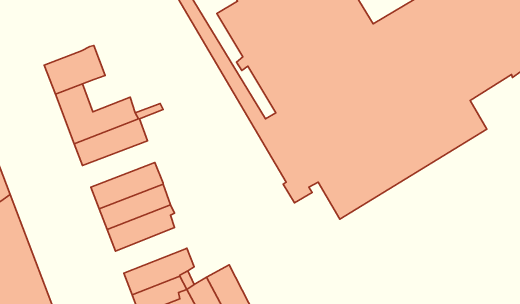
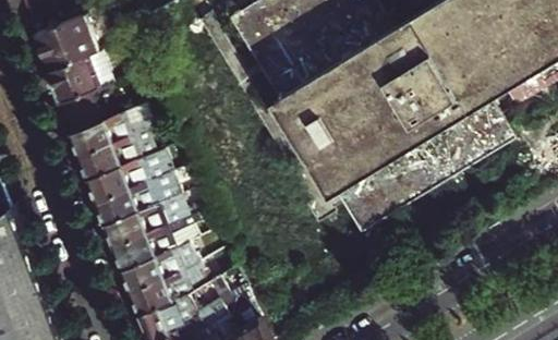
building: none -> [33,15,95,72]
building: none -> [87,148,173,201]
building: none -> [122,243,195,291]

